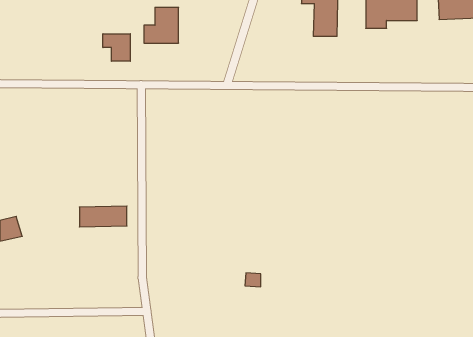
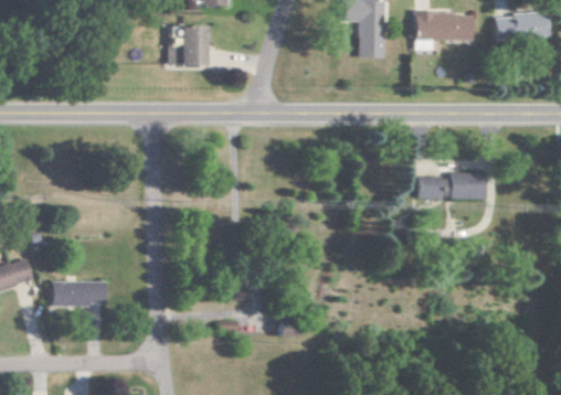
building: [103,34,130,61] -> none
building: none -> [419,172,486,199]
building: [79,206,127,227] -> [52,281,105,305]

